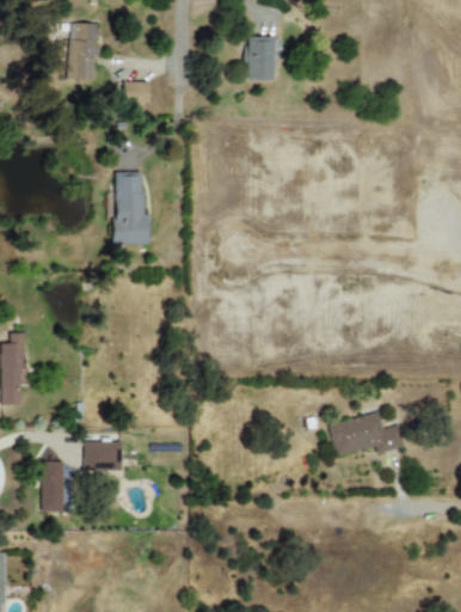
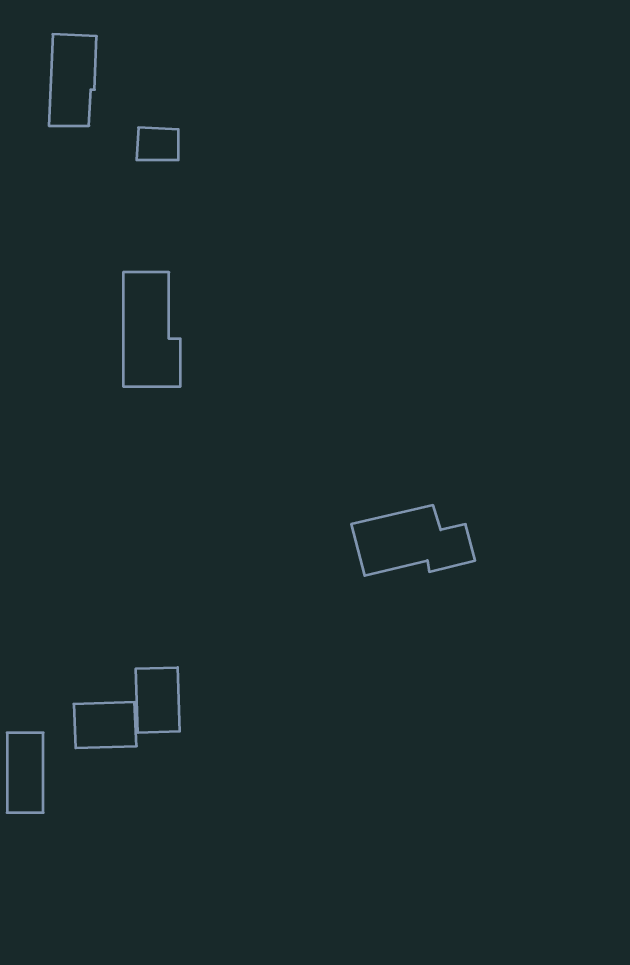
building: [246,37,275,81] -> none
building: [328,412,406,457] -> [351,505,475,576]
building: none -> [136,667,180,733]

